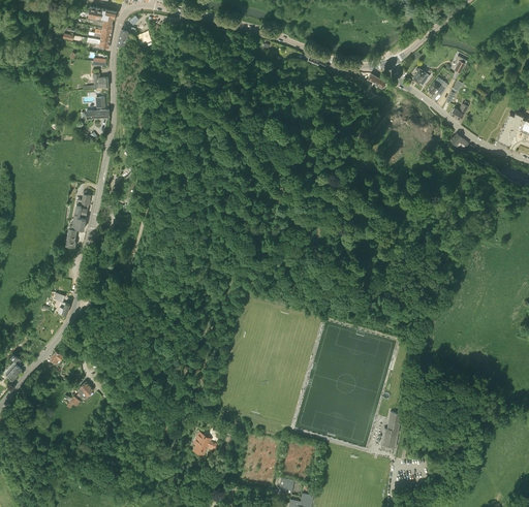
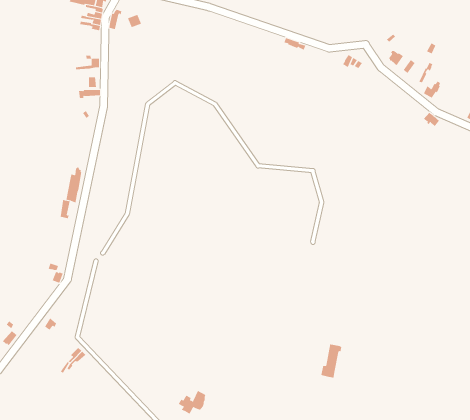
building: [380,412,403,448] -> [321,344,342,378]

